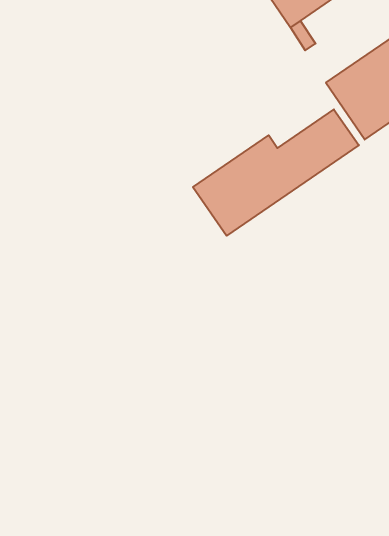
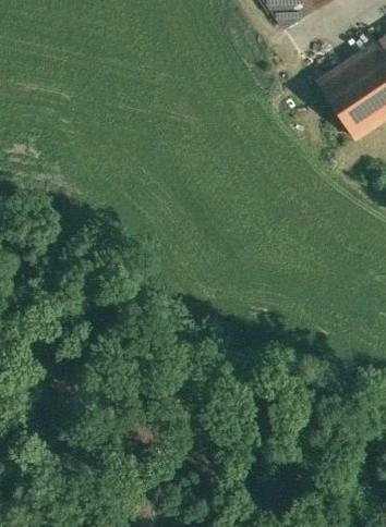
building: [193,109,359,236] -> none

